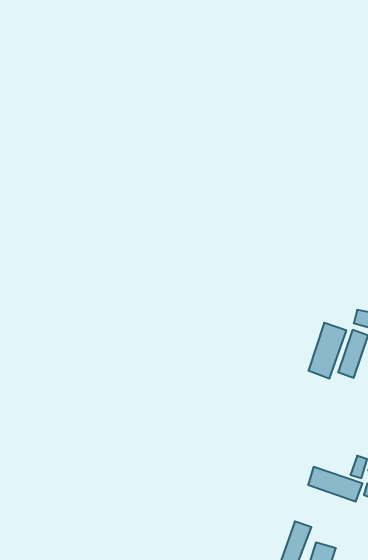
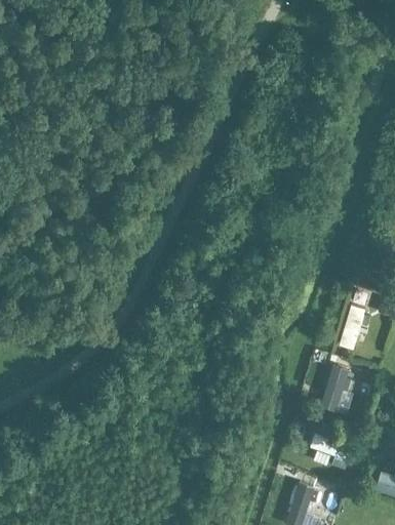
building: [308,323,346,378] -> [317,363,352,414]

